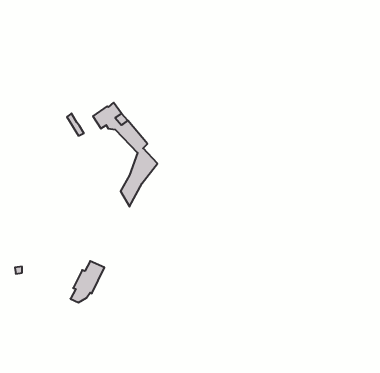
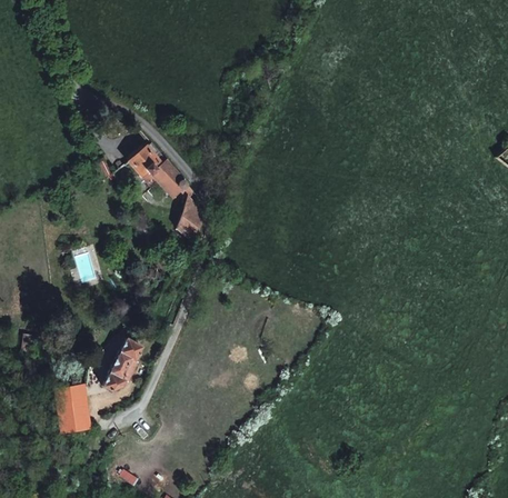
building: none -> [52,384,86,436]

